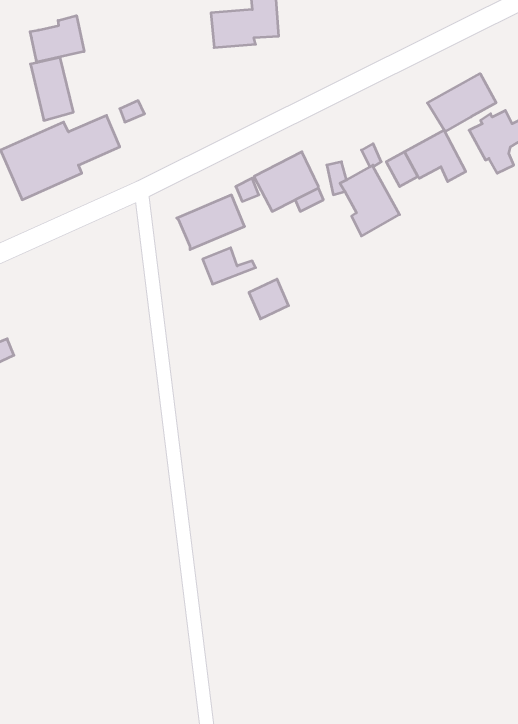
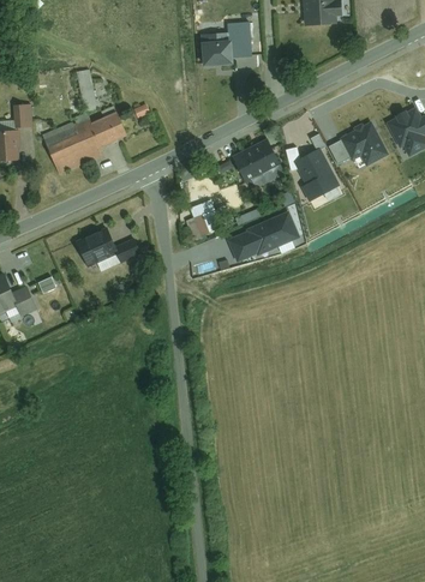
building: [30,16,84,63] -> none
building: [427,74,496,131] -> none
building: [177,195,245,250] -> [245,212,294,252]
building: none -> [76,227,139,268]

